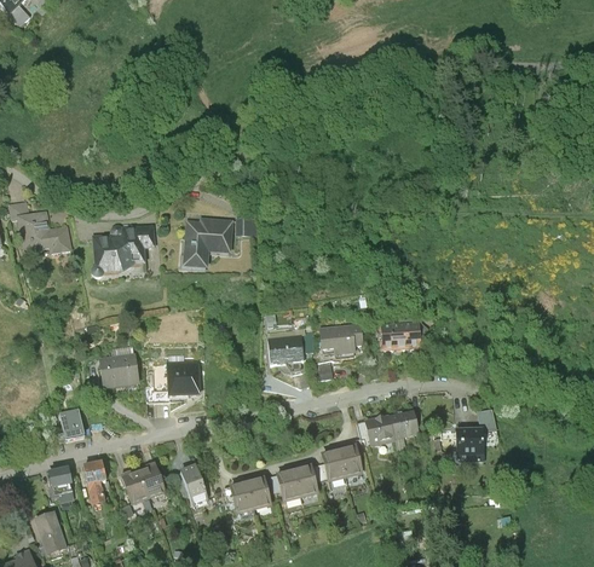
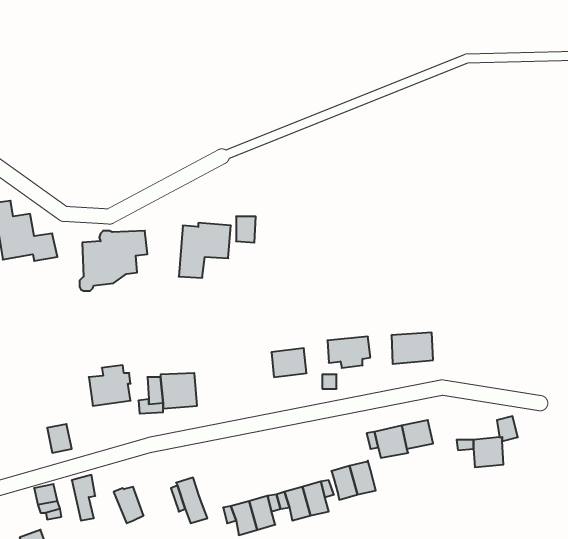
building: [140,459,167,493] -> none

